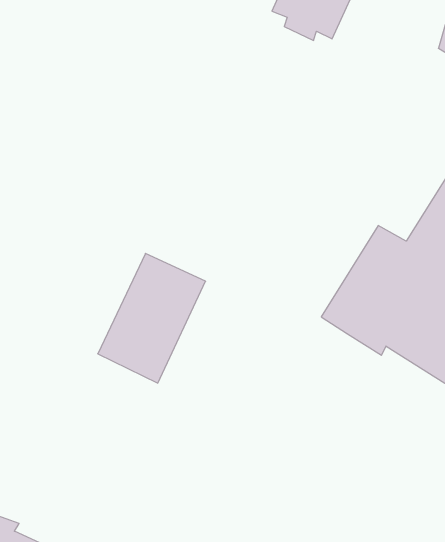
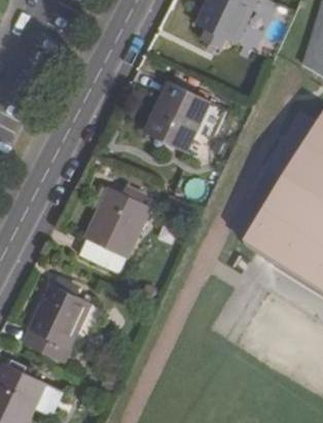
building: none -> [144,80,207,149]
building: none -> [23,278,91,362]

